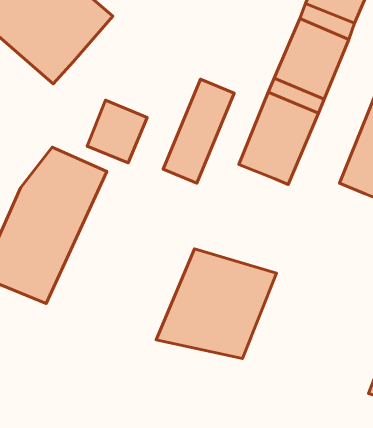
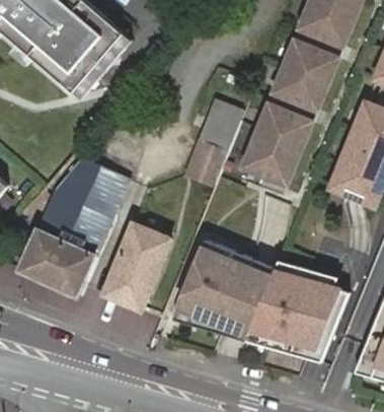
building: [87,100,147,163] -> none
building: none -> [101,220,168,307]
building: none -> [245,258,349,360]

